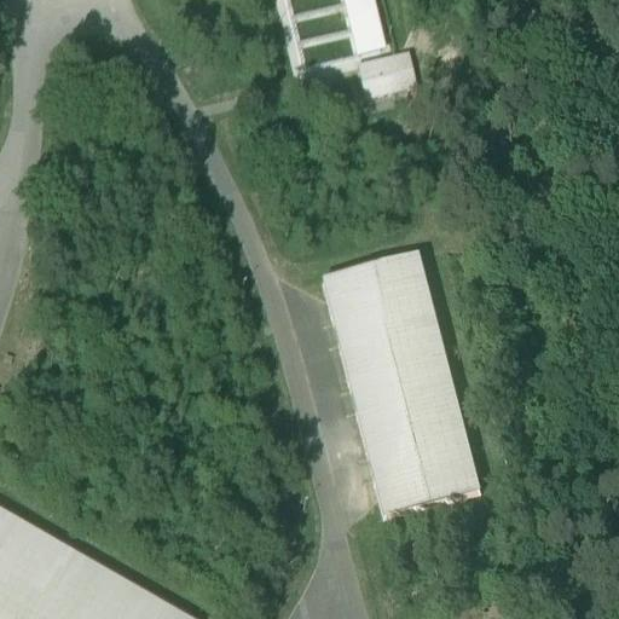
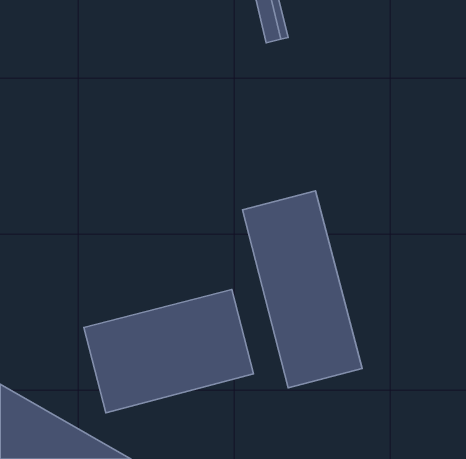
building: [355,51,415,97] -> none
building: none -> [84,290,254,413]

